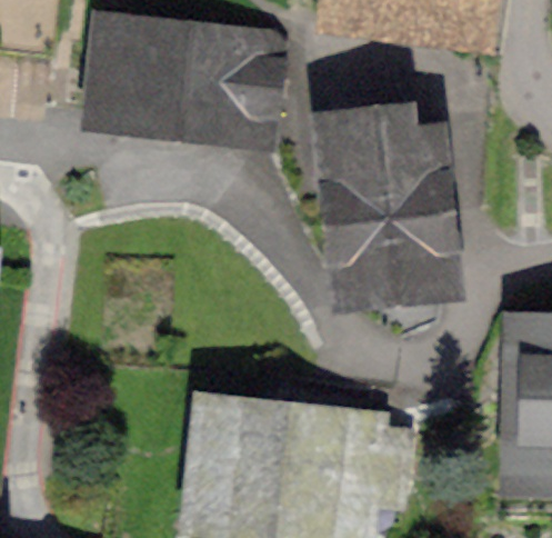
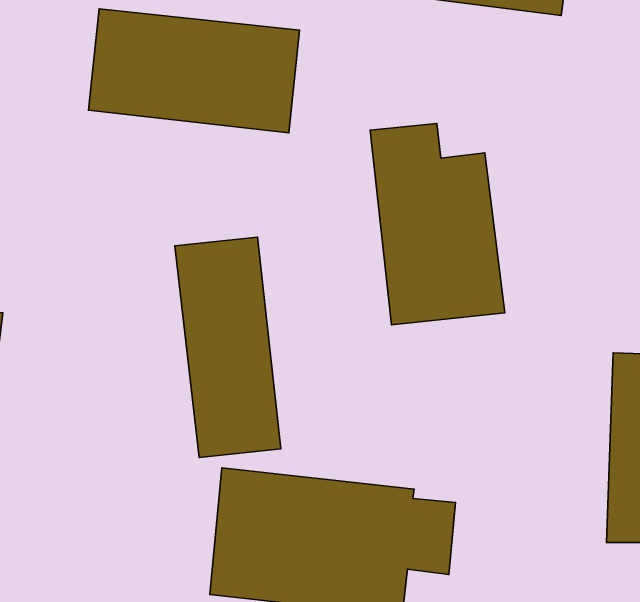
building: none -> [175,237,281,458]

